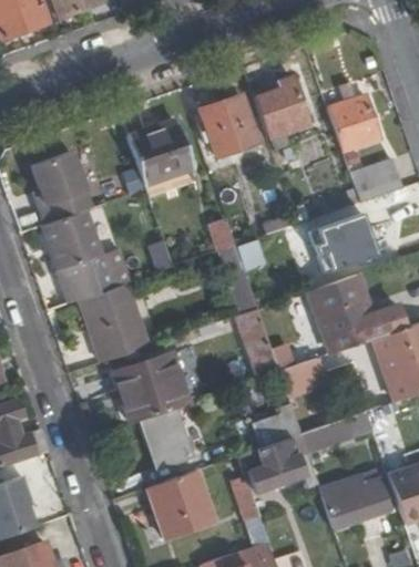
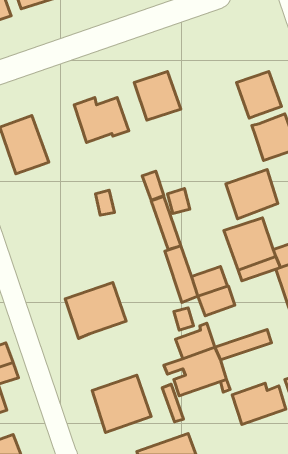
building: [254,76,309,136] -> none
building: [44,208,111,289] -> none
building: [81,285,150,363] -> none
building: [144,406,194,466] -> none

